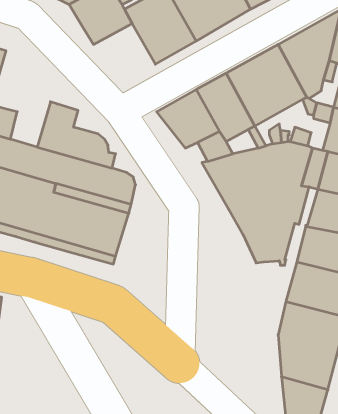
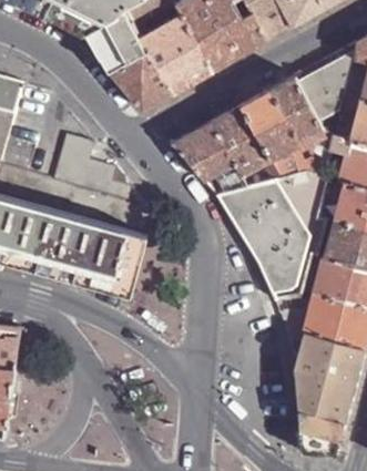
building: none -> [110,54,172,112]

